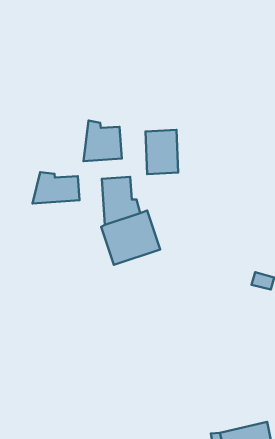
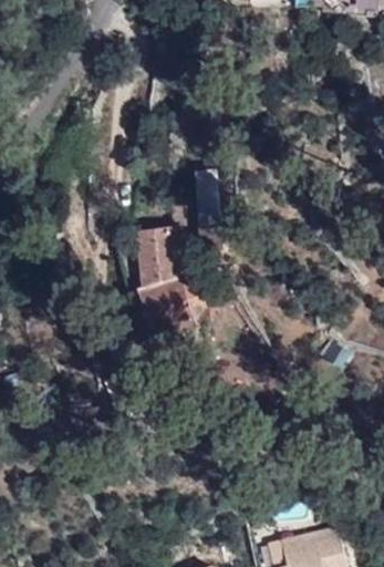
building: [83,120,122,161] -> none
building: [33,172,80,203] -> none

